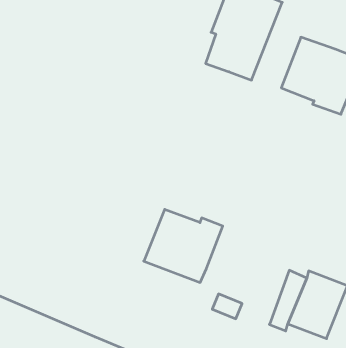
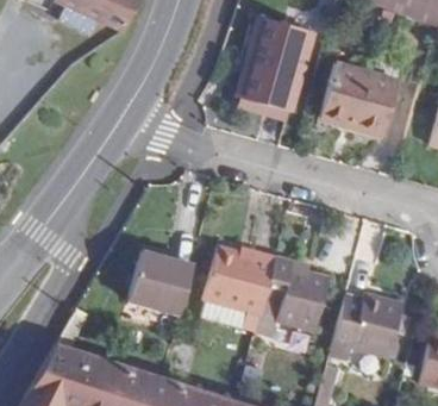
building: none -> [130,251,194,313]
building: none -> [264,256,330,330]

